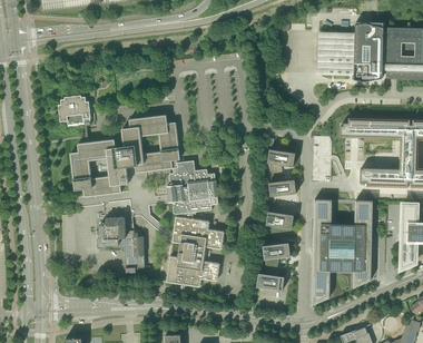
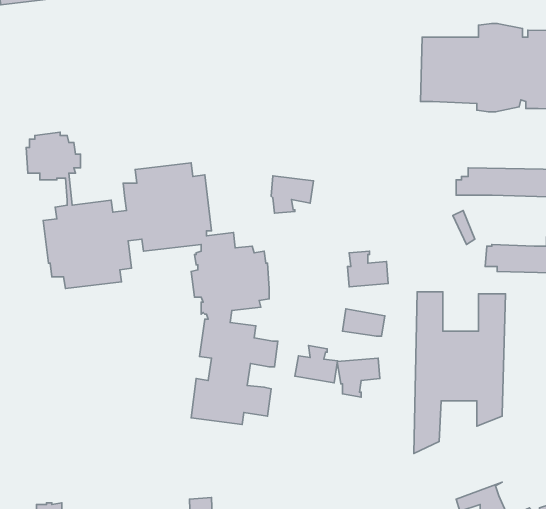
building: [267,148,295,173] -> [271,176,314,213]
building: [97,216,144,272] -> none
building: [256,265,284,290] -> [295,345,337,383]

